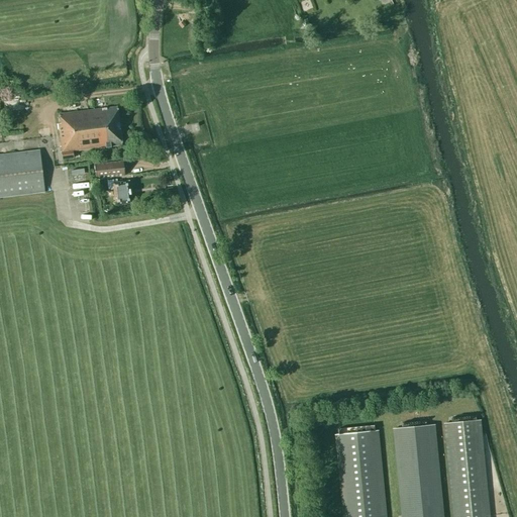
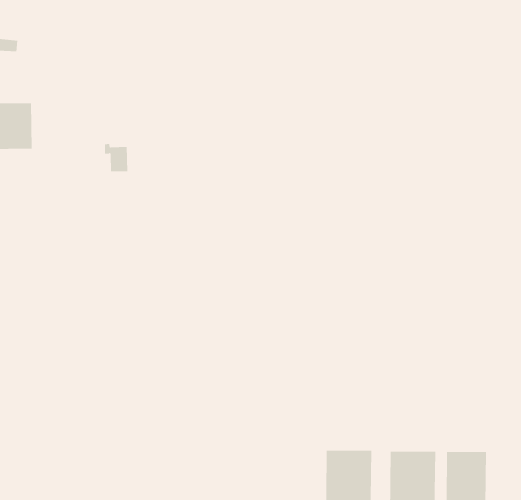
building: [59,106,123,158] -> none
building: [96,161,125,178] -> none

